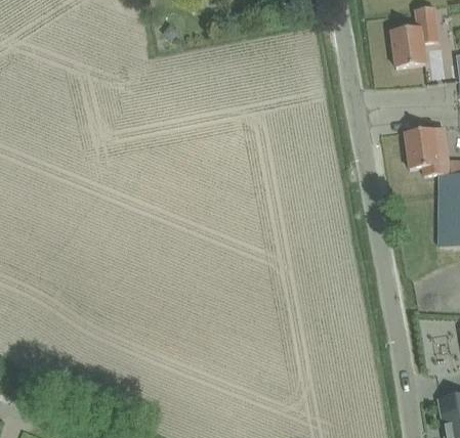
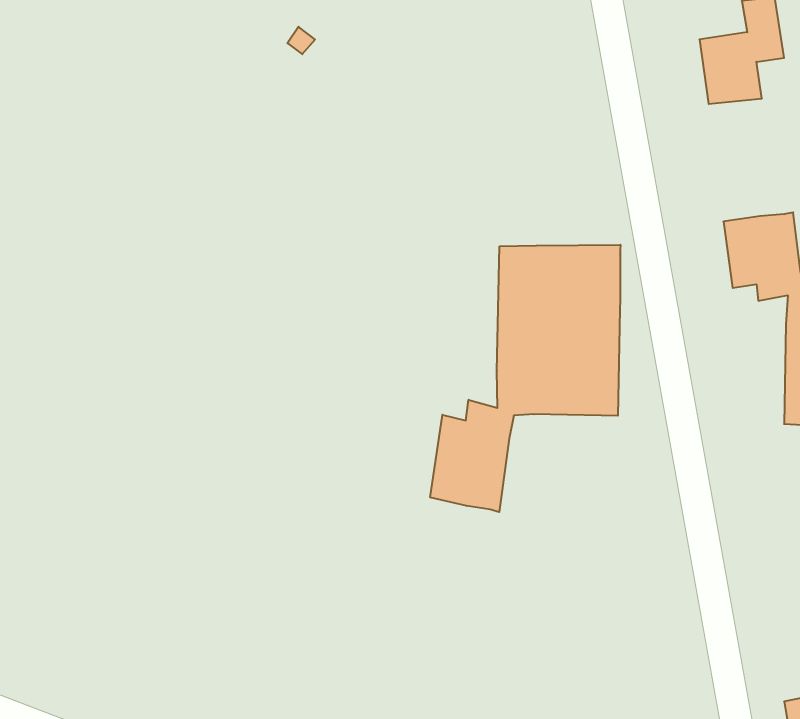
building: none -> [430,245,620,512]

